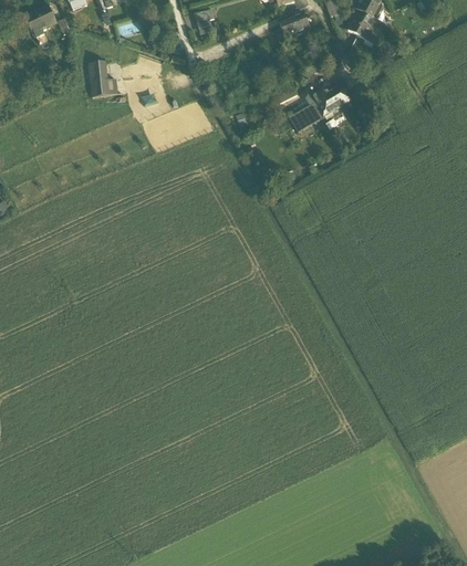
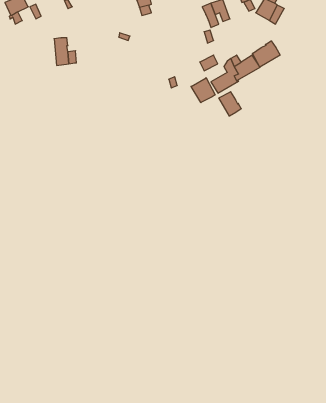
building: none -> [252,41,280,67]
building: none -> [191,78,215,103]
building: none -> [219,92,241,116]

